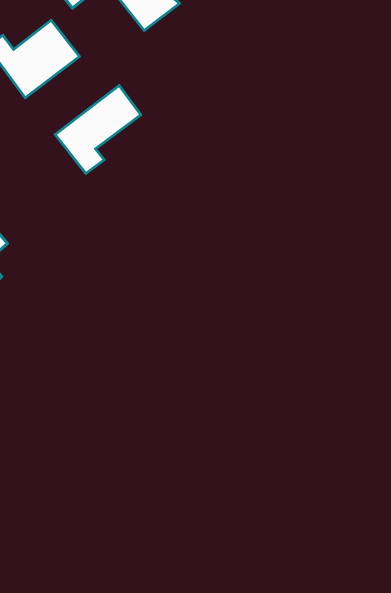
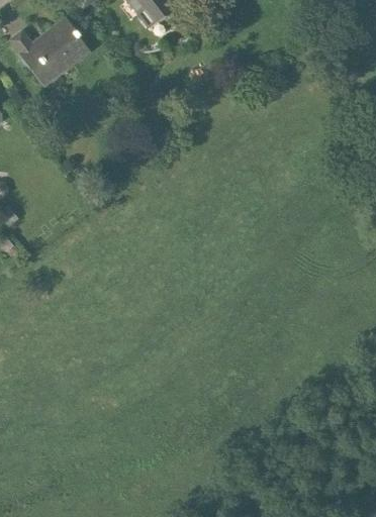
building: [55,86,141,173] -> none

